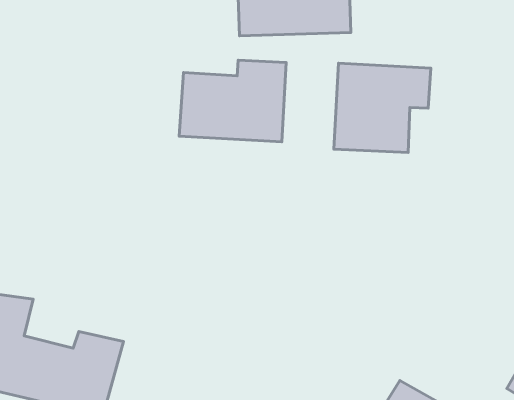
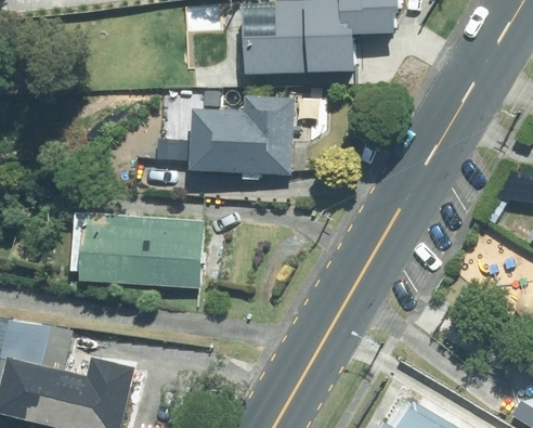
building: [334,63,431,152] -> none
building: none -> [79,210,200,287]

